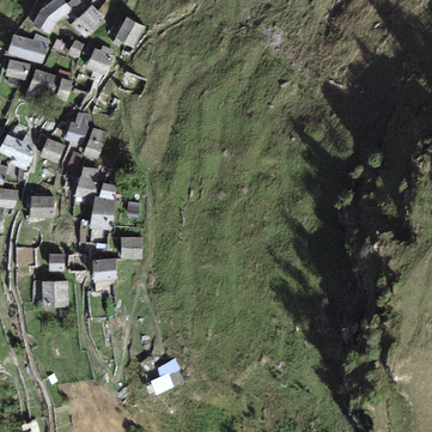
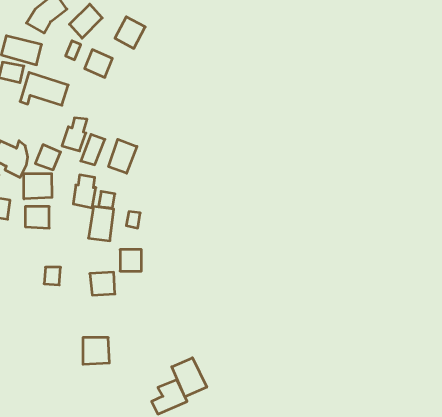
building: none -> [109,139,137,173]
building: none -> [24,174,52,199]
building: [42,281,67,306] -> [83,338,109,364]
building: none -> [172,358,207,397]

